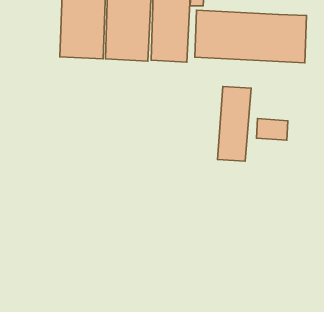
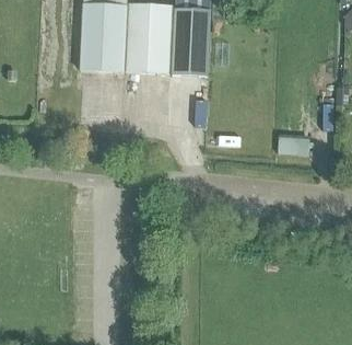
building: [195,10,307,63] -> none
building: [218,87,251,161] -> none

